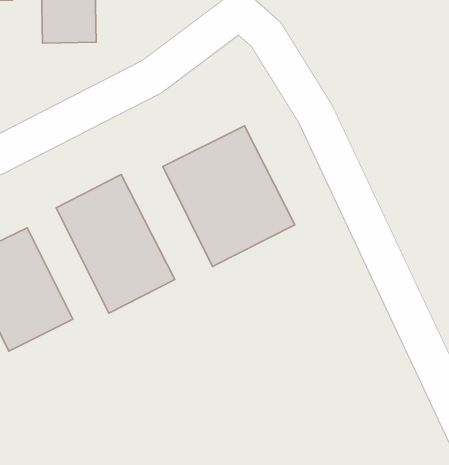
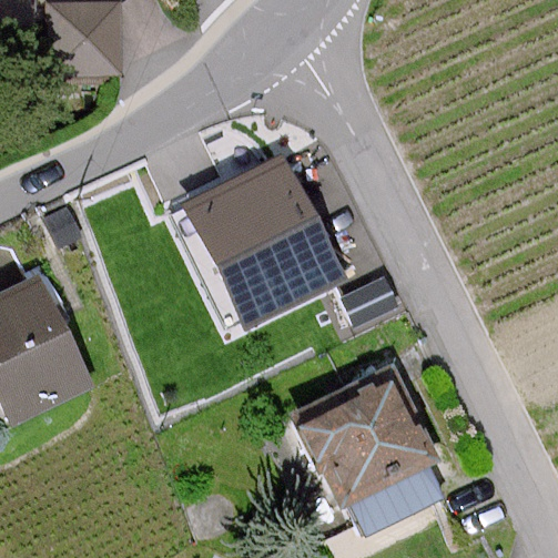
building: [56,175,175,313] -> none
building: none -> [297,377,435,504]

